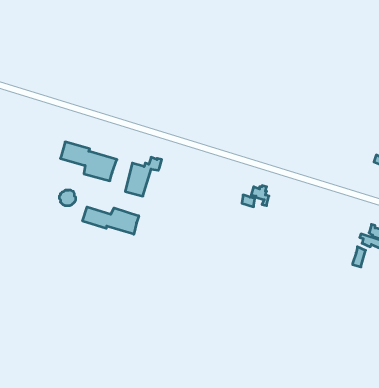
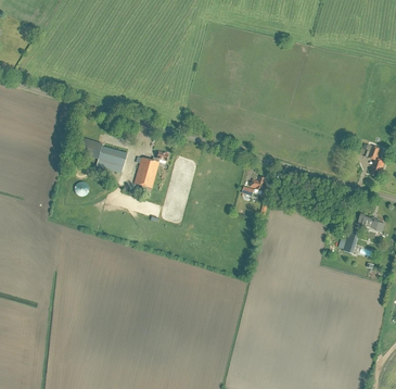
building: [83,207,139,234] -> none

